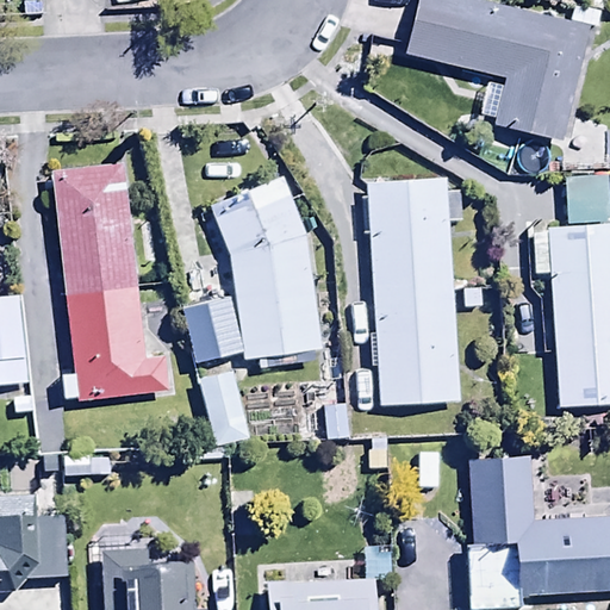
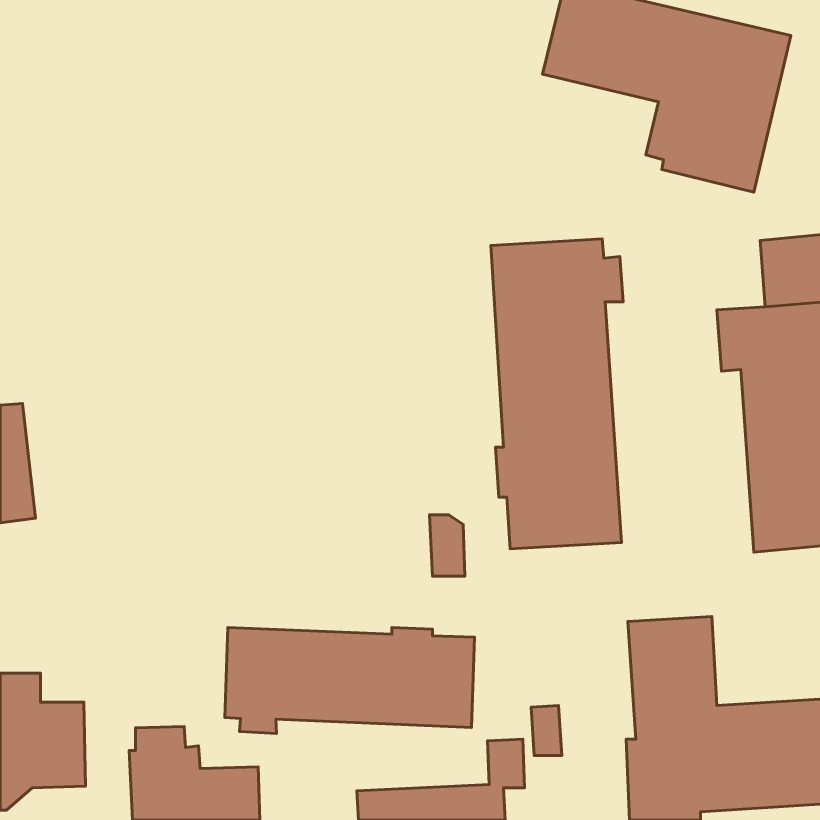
building: [50,160,169,404] -> none
building: [183,175,322,461] -> none
building: none -> [225,628,475,733]

